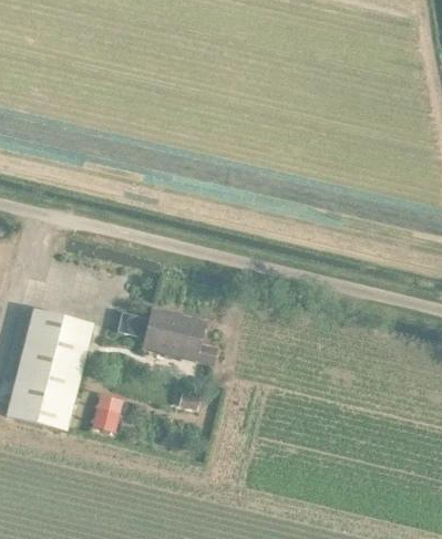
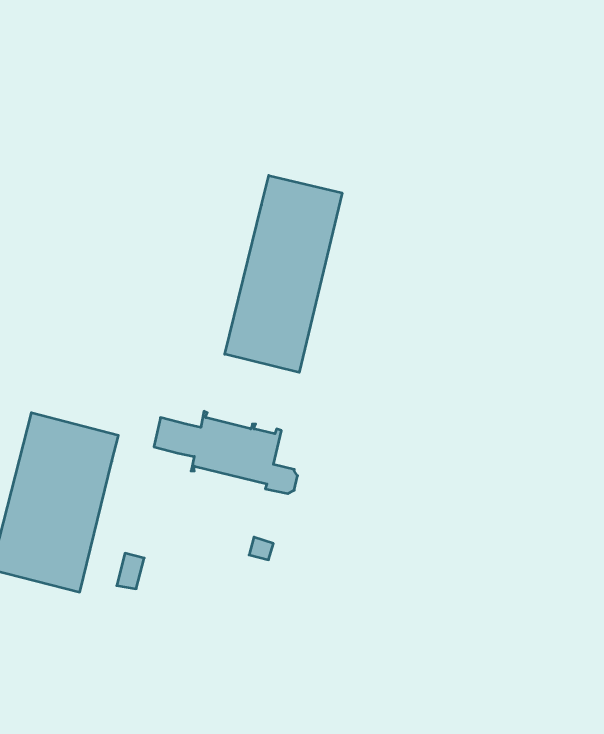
building: none -> [225,175,342,372]

